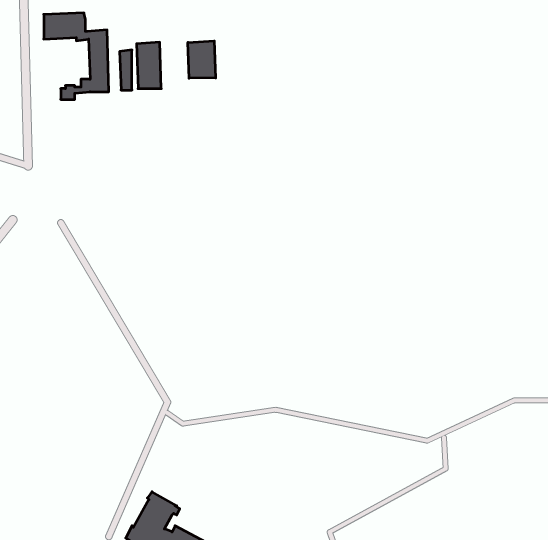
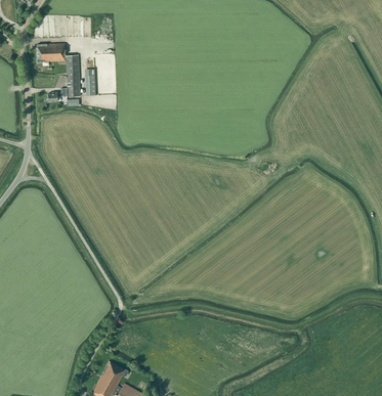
building: [188,41,216,78] -> none

